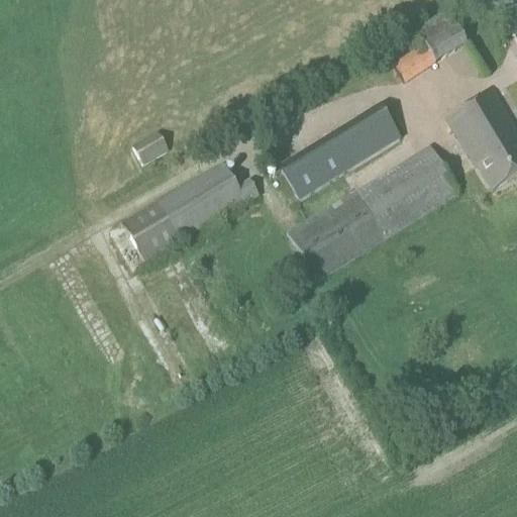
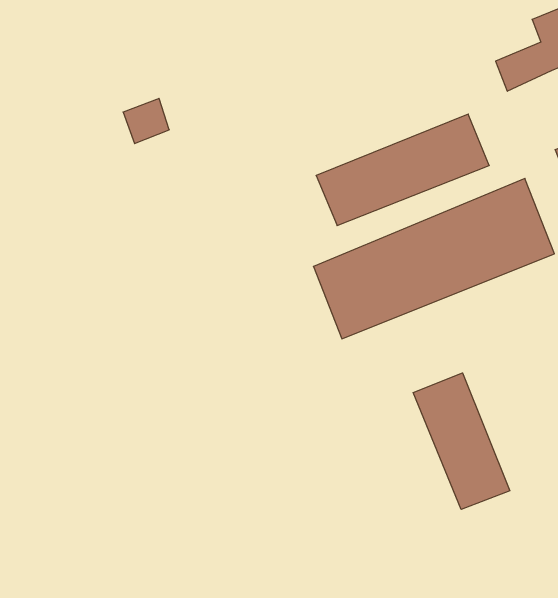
building: [122,161,262,261] -> none
building: none -> [413,373,510,509]

